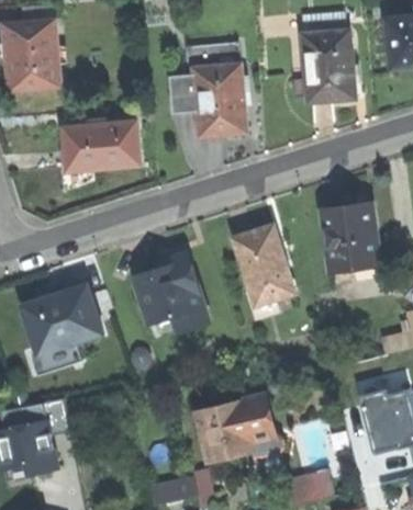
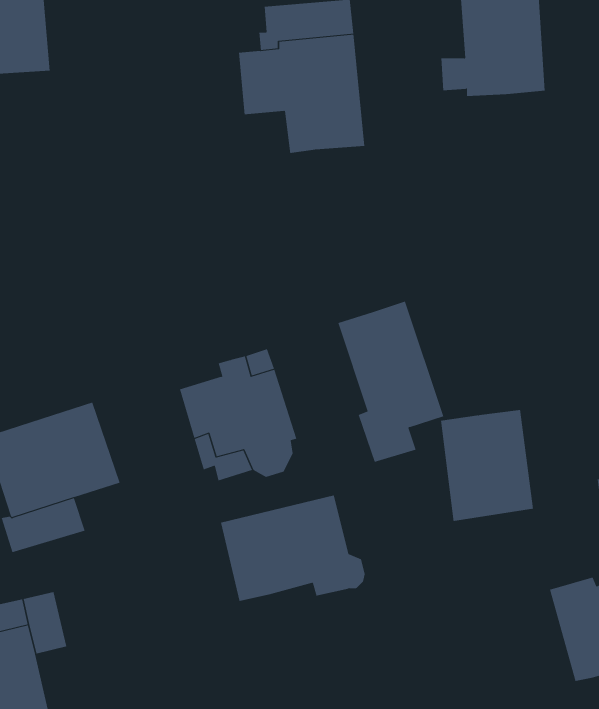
building: [60,116,141,193] -> none
building: [320,202,376,269] -> [440,409,534,522]
building: [196,398,282,462] -> [220,495,366,602]

